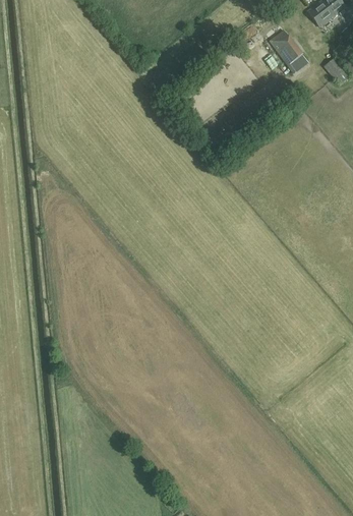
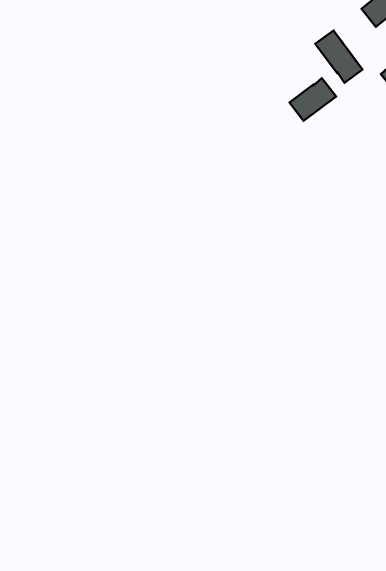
building: none -> [290,78,336,121]

